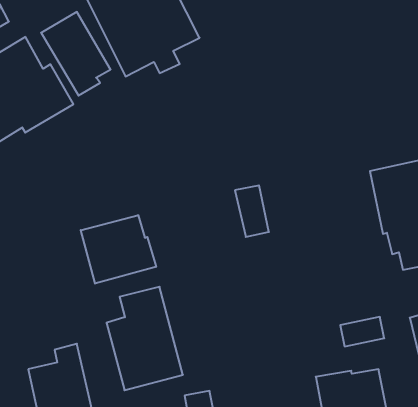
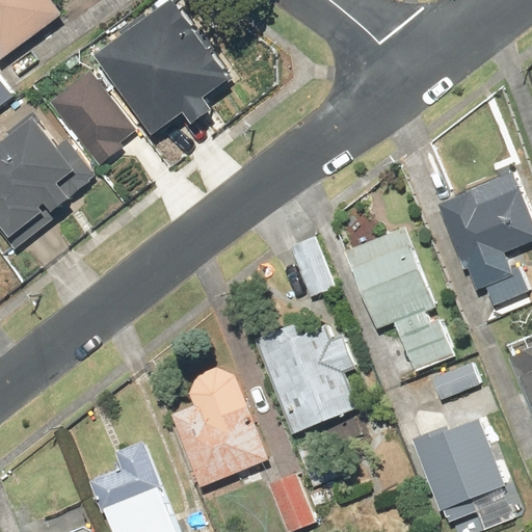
building: none -> [345,229,454,371]
building: [81,215,156,284] -> none
building: none -> [256,314,357,433]

